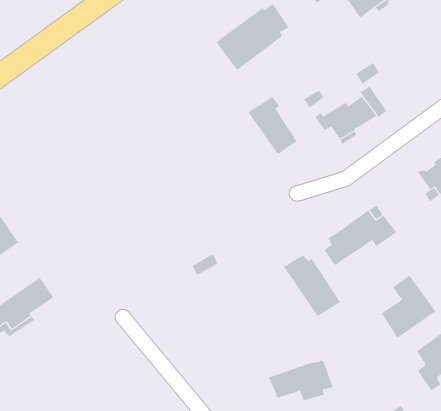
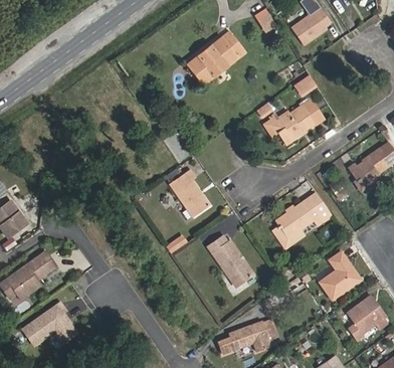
building: [248,96,298,155] -> [168,171,208,218]
building: [283,254,341,317] -> [208,238,254,289]
building: none -> [22,304,78,347]

